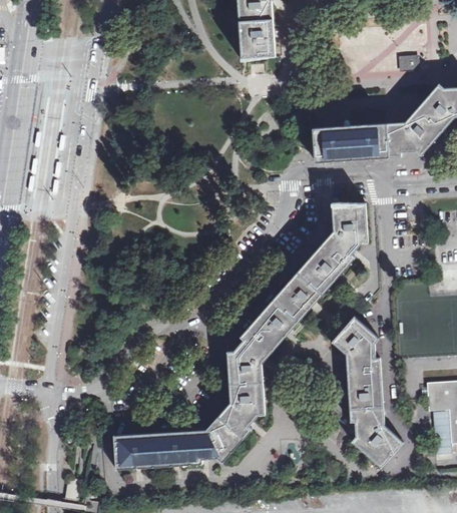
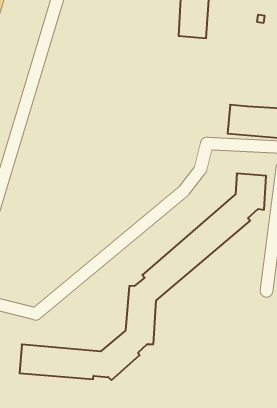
building: [333,318,403,467] -> none

